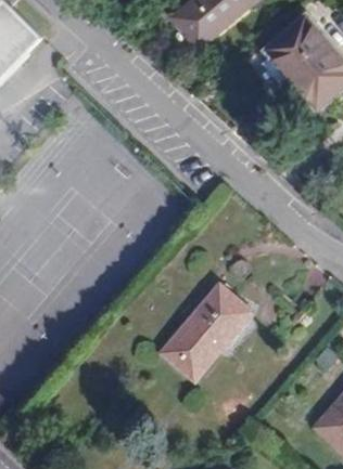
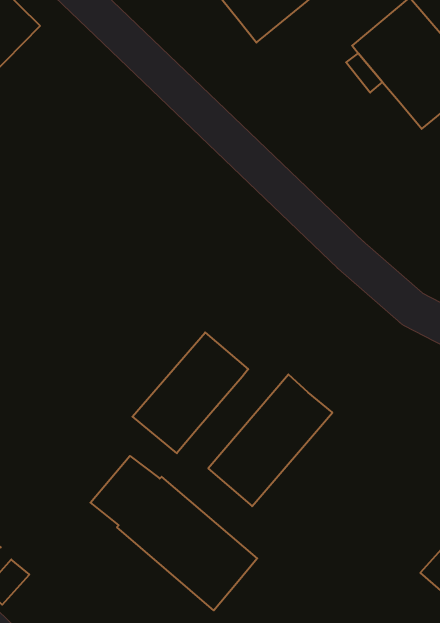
building: none -> [132,332,248,453]
building: none -> [90,456,257,610]

